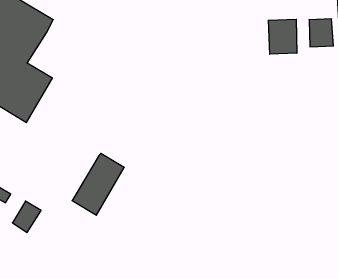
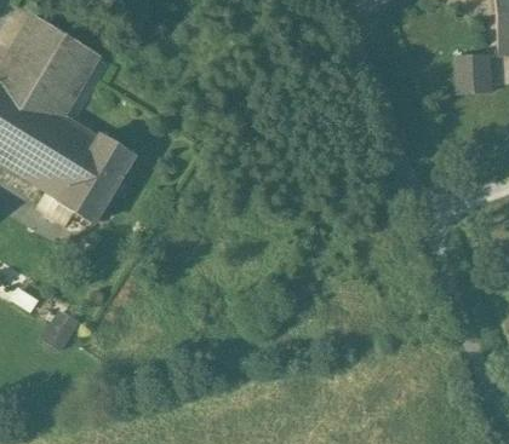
building: [268,19,297,54] -> none
building: [72,153,124,215] -> [61,133,133,219]

